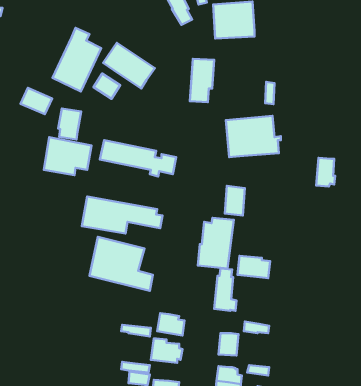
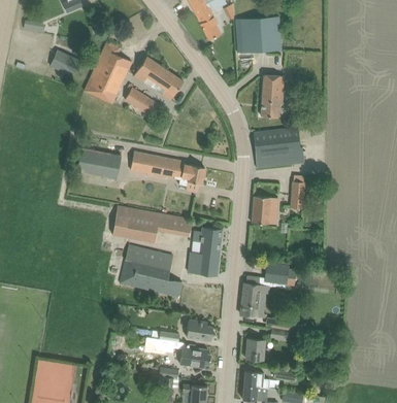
building: [190,59,214,102] -> [260,75,284,117]
building: [20,88,52,114] -> [49,51,80,76]
building: [58,108,81,140] -> none
building: [316,158,335,187] -> [290,181,308,209]
building: [198,218,234,269] -> [188,227,223,276]

